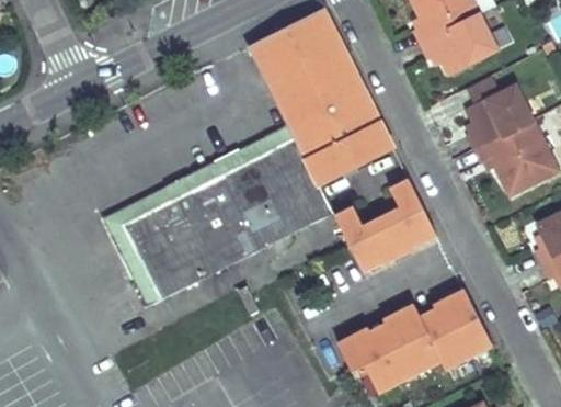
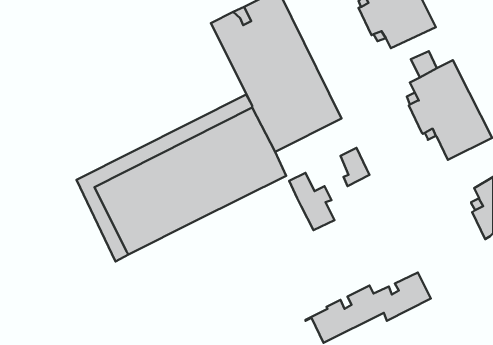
building: [376,211,437,260] -> none
building: [335,292,478,373] -> none

